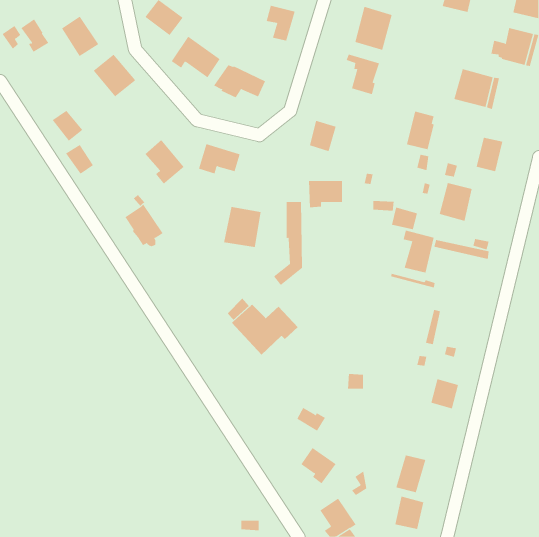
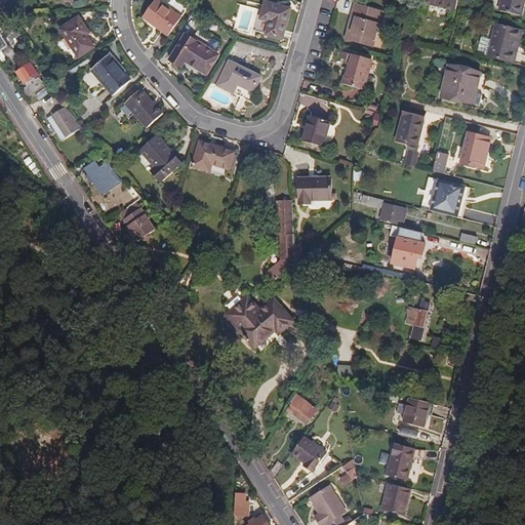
building: [21,19,49,52] -> [17,62,45,94]
building: none -> [125,88,162,126]
building: [65,144,94,175] -> [91,163,119,193]
building: [224,206,261,248] -> none
building: [431,378,459,409] -> [403,396,431,426]

